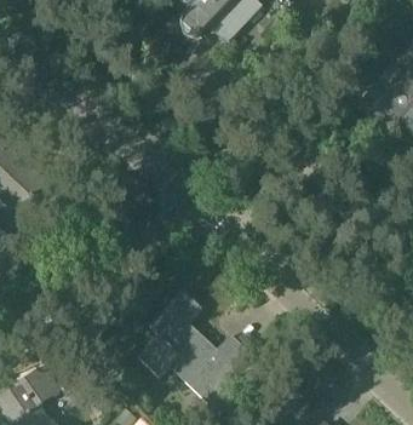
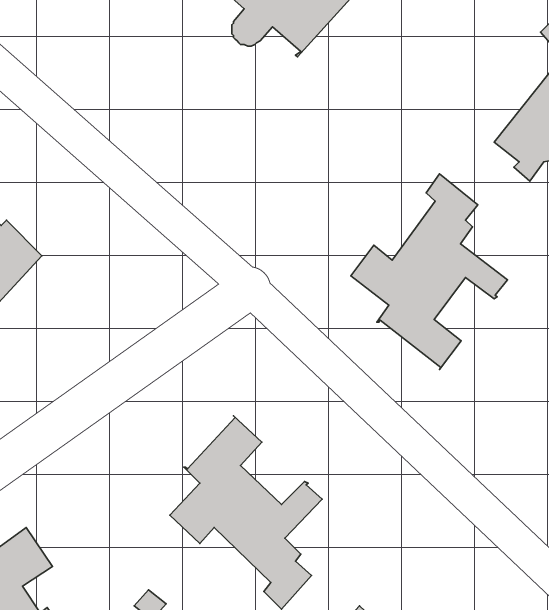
building: none -> [351,174,508,369]

